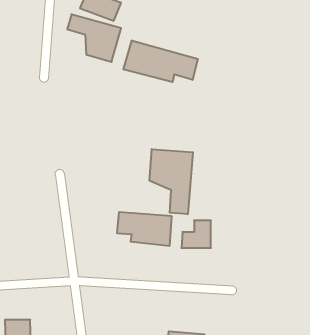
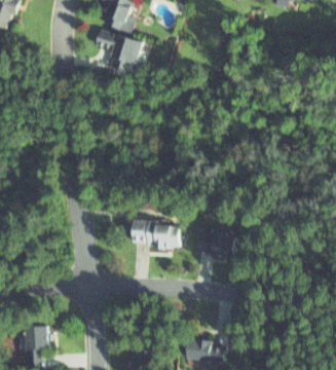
building: [123,40,198,82] -> none
building: [150,149,193,214] -> none

